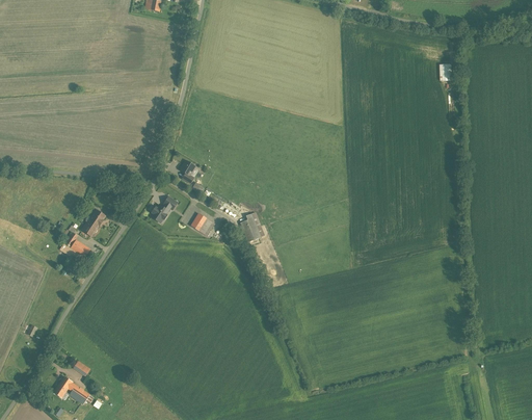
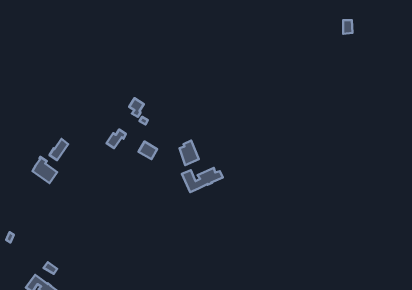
building: none -> [182,168,223,192]

